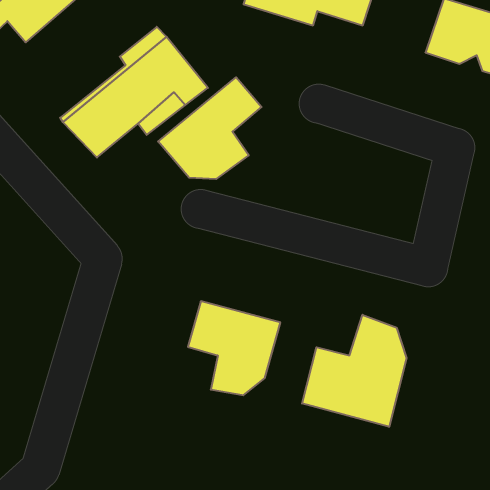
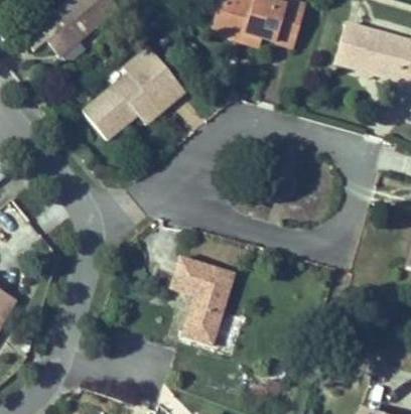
building: [158,77,262,179] -> none
building: [302,315,407,427] -> none
building: none -> [180,296,225,330]

